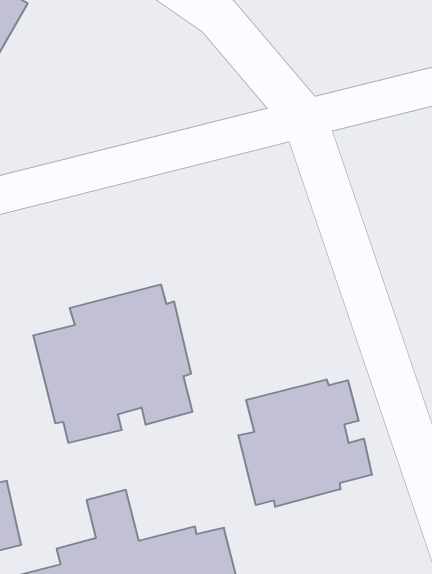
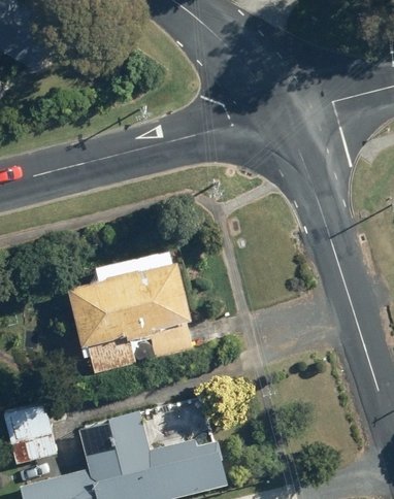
building: [238,379,372,507] -> none

